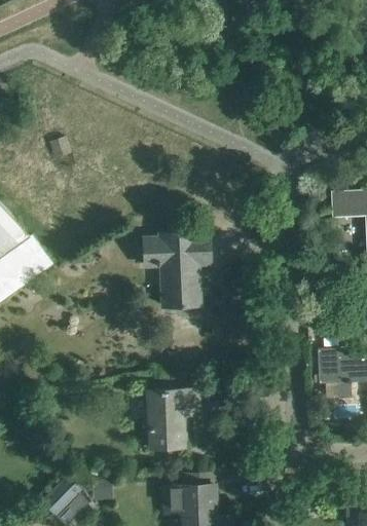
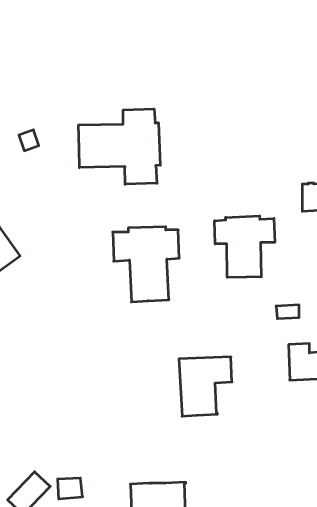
building: none -> [79,109,160,184]
building: none -> [215,216,275,277]
building: [148,390,200,449] -> [179,357,232,416]

